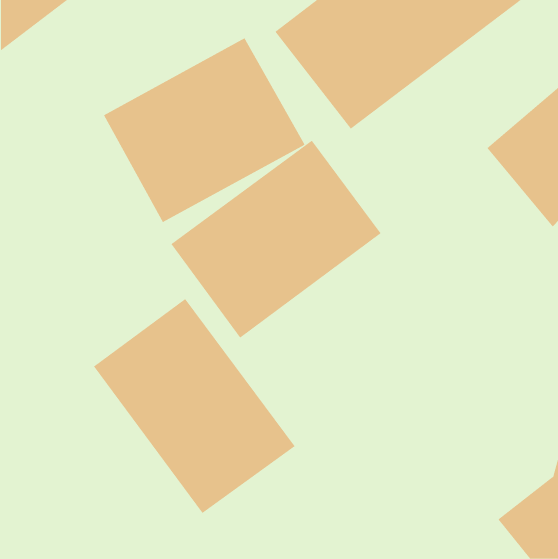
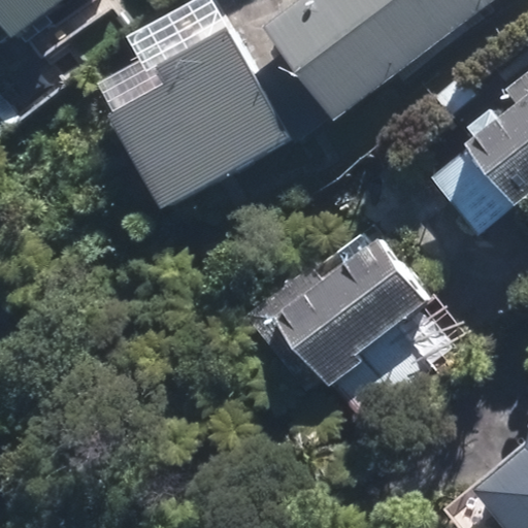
building: [171,140,382,339] -> [244,217,442,403]
building: [93,298,295,514] -> none

